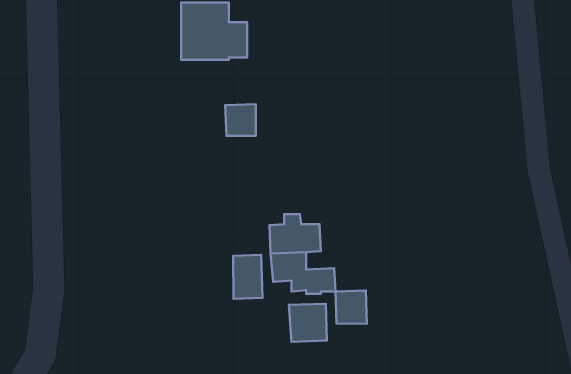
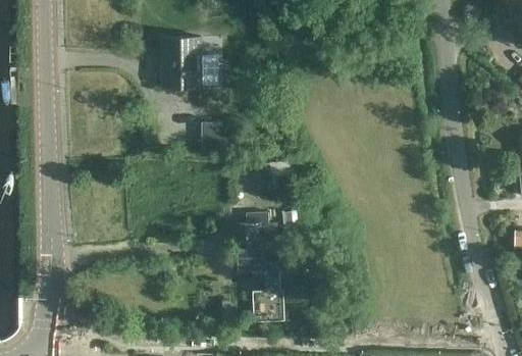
building: [233,255,263,299] -> none
building: [336,290,367,324] -> none

